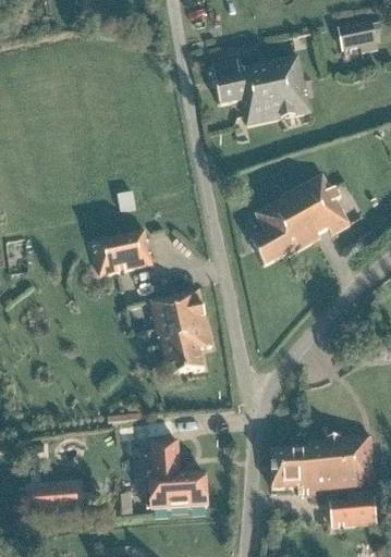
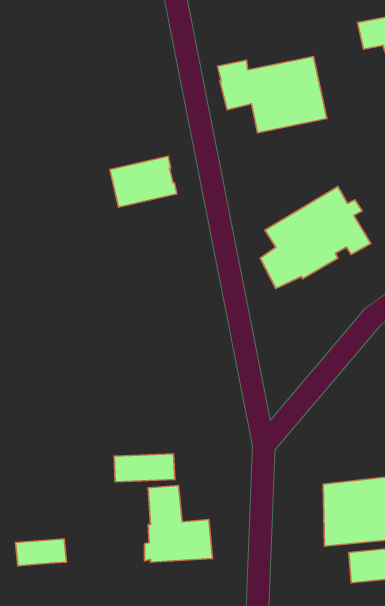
building: [93,228,152,274] -> [110,156,177,207]
building: [148,288,211,374] -> none
building: [271,438,308,494] -> none

